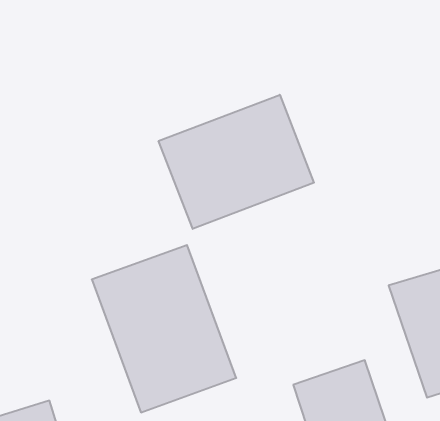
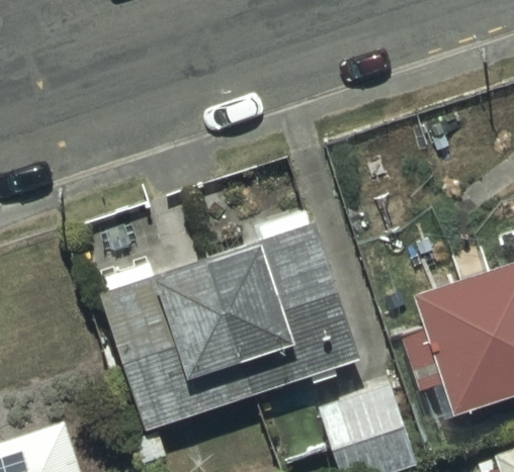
building: [159,95,314,229] -> none
building: none -> [210,222,358,395]

